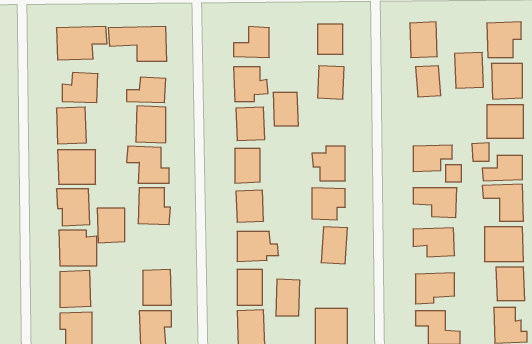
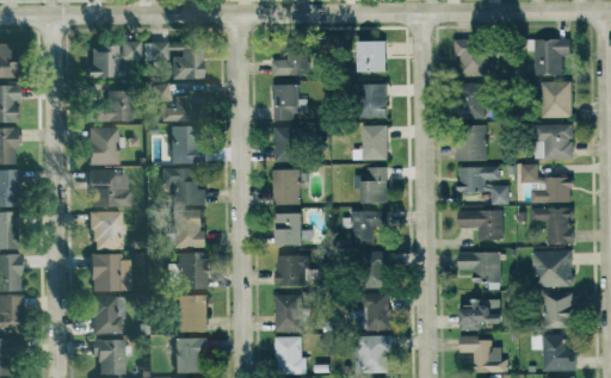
building: [455,52,483,88] -> [457,124,487,161]
building: [273,93,298,126] -> [362,125,388,160]
building: [97,208,125,243] -> [178,254,206,290]
building: [276,279,300,316] -> [366,292,391,330]

